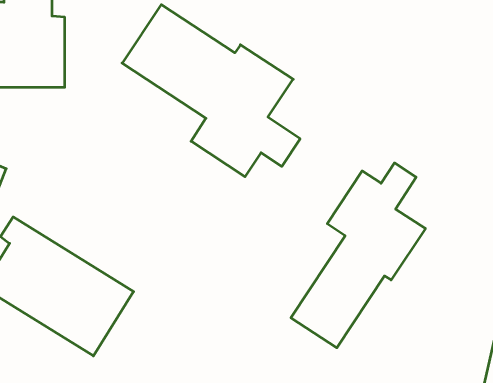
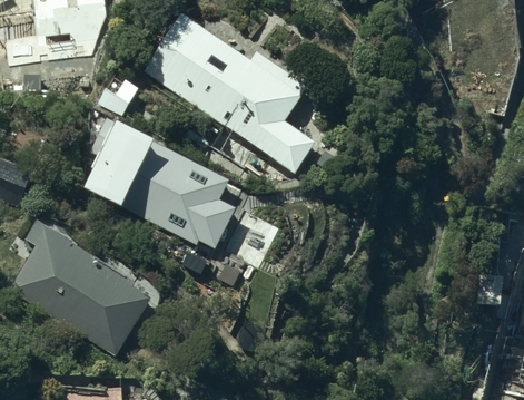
building: none -> [85,124,231,245]
building: [291,163,425,348] -> none

